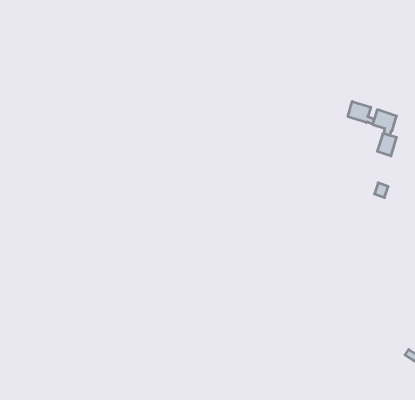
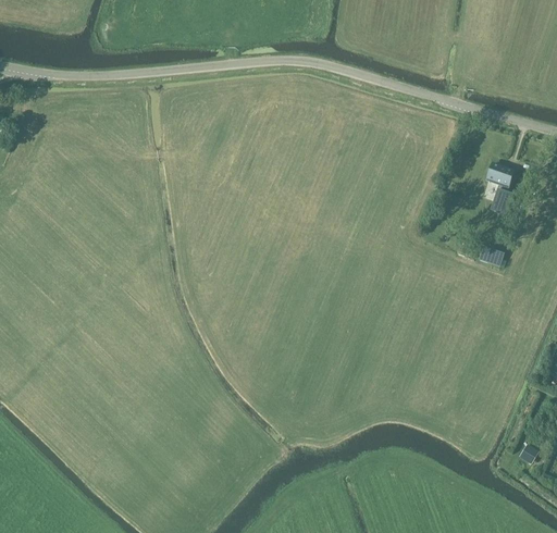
building: [348,101,374,124] -> none

